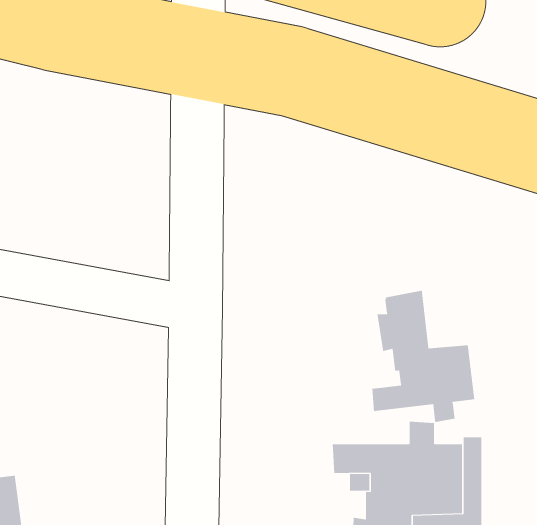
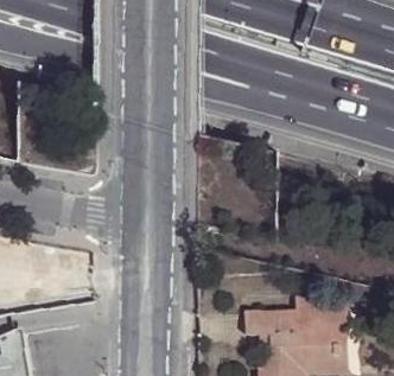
building: [372,290,475,423] -> none

